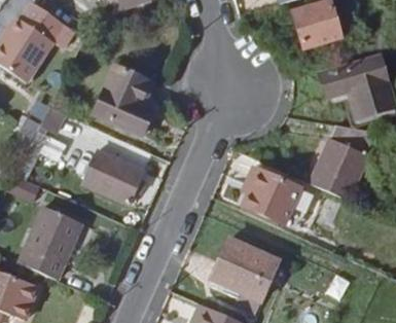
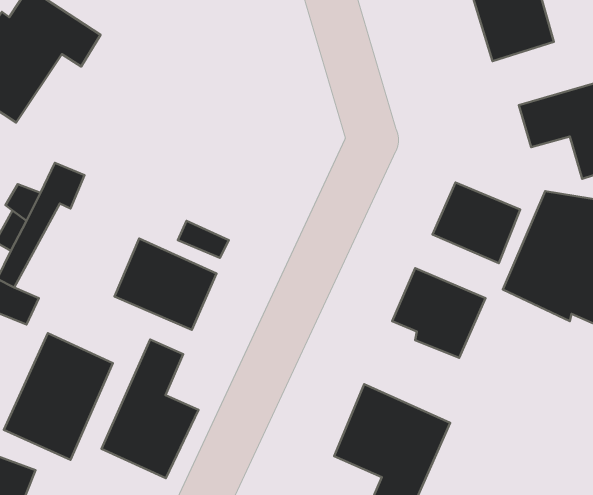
building: [94,67,154,137] -> none
building: none -> [432,183,520,263]
building: none -> [102,340,198,478]

